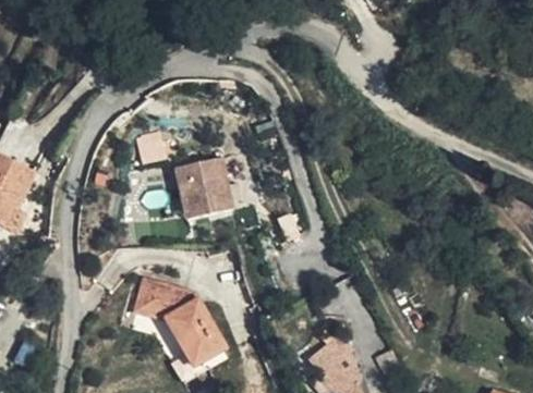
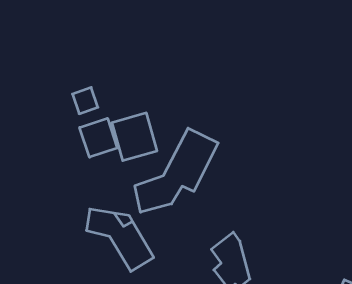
building: none -> [80,118,117,157]
building: none -> [135,128,218,212]

